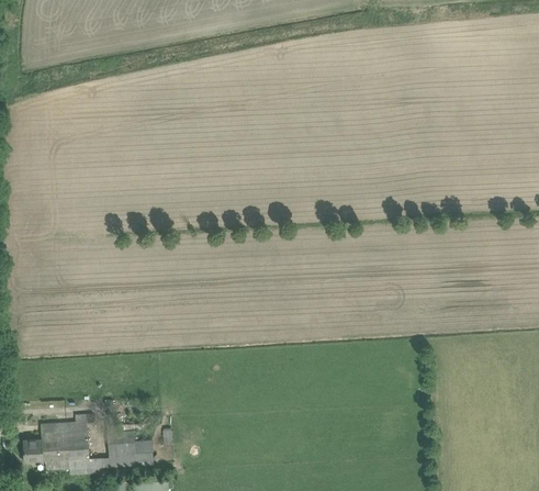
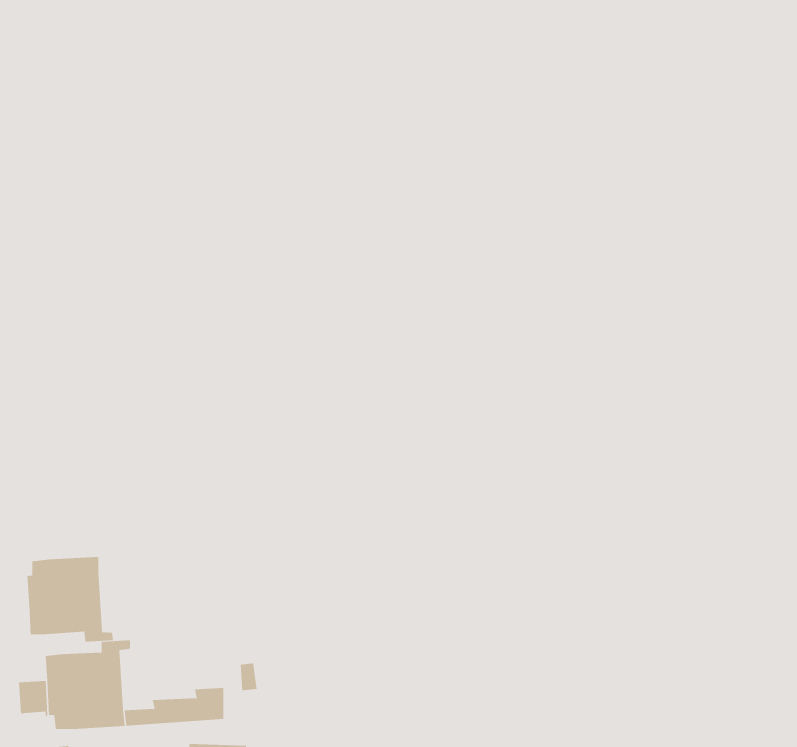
building: none -> [27,556,114,643]

